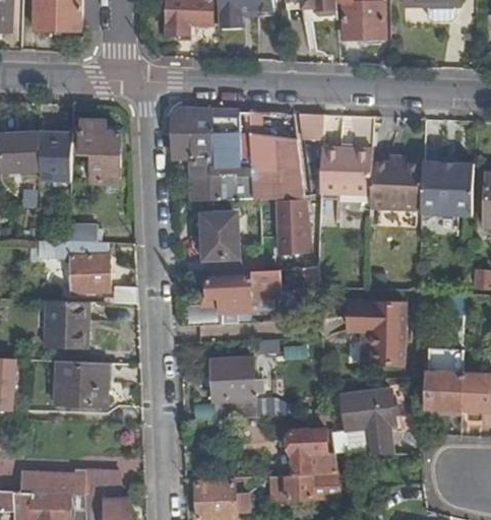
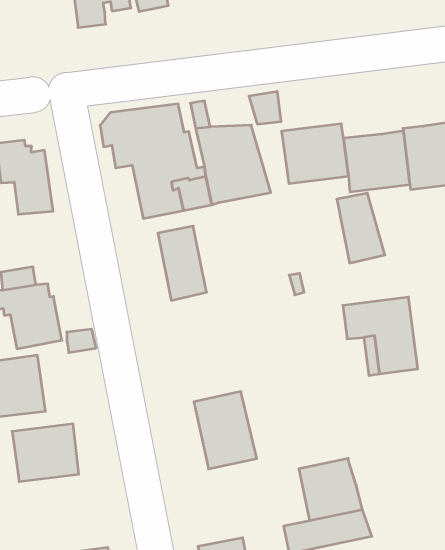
building: [278,199,310,255] -> [337,193,385,263]
building: [207,269,281,312] -> none
building: [332,390,394,453] -> none

